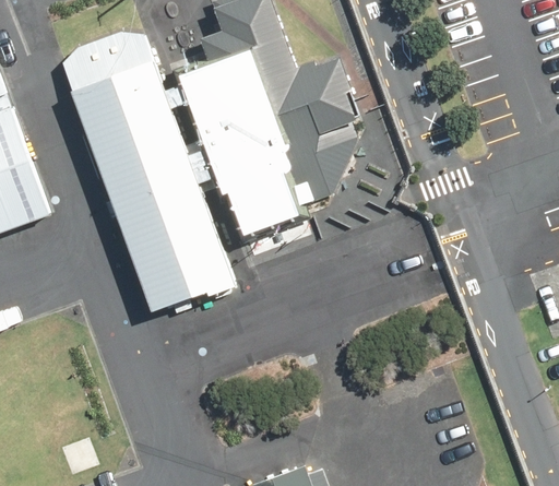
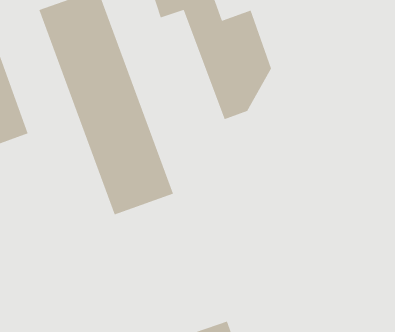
building: [179,54,307,240] -> none

